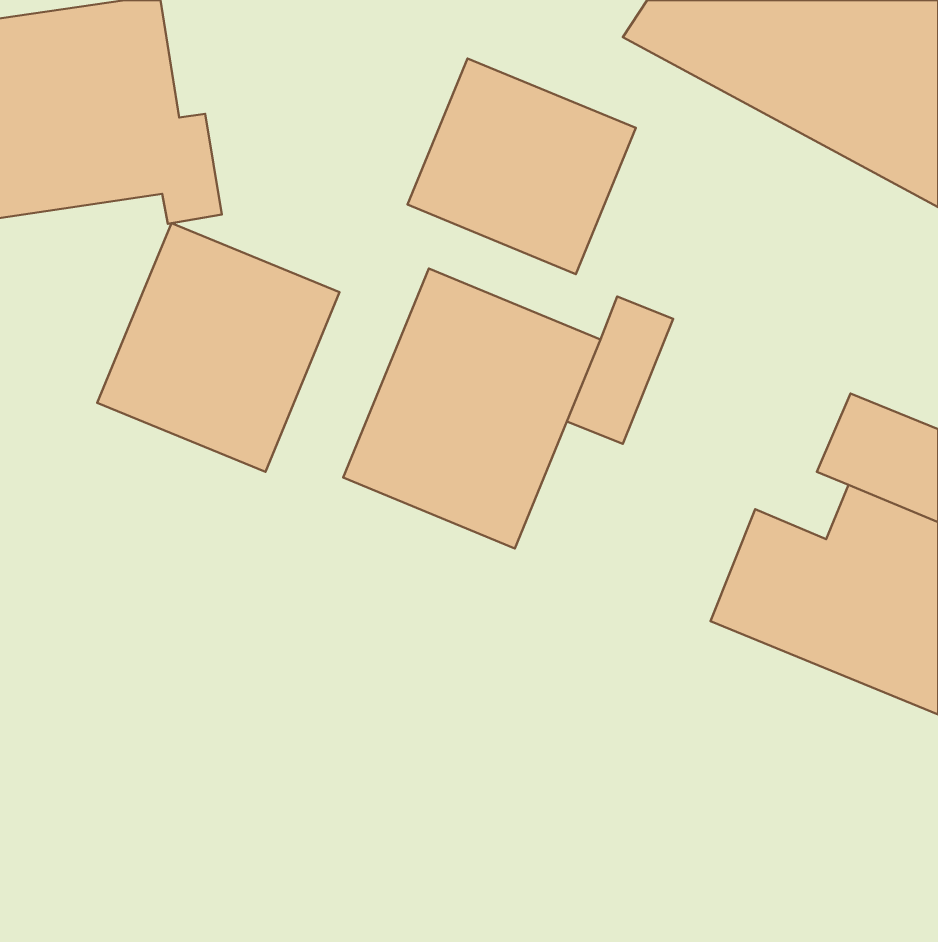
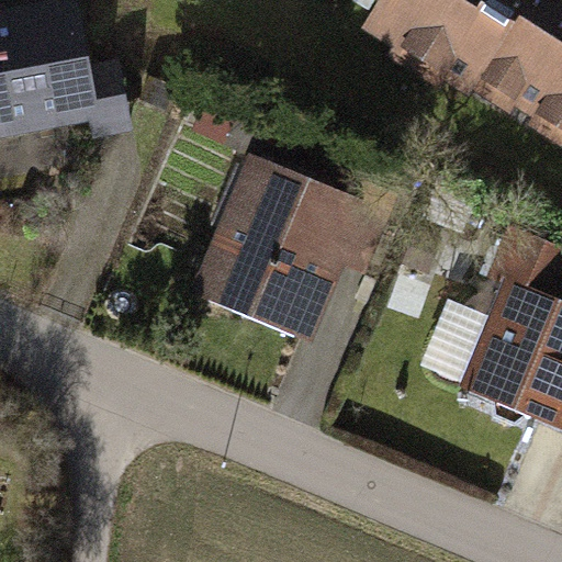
building: [407,58,636,274] -> none
building: [97,223,340,472] -> none

